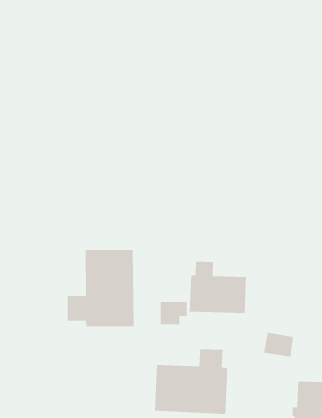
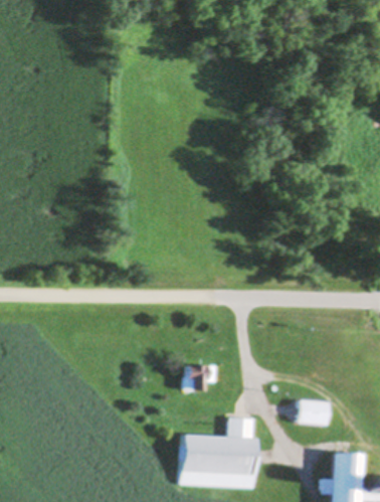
building: [67,249,135,327] -> none
building: [189,261,247,314] -> none

